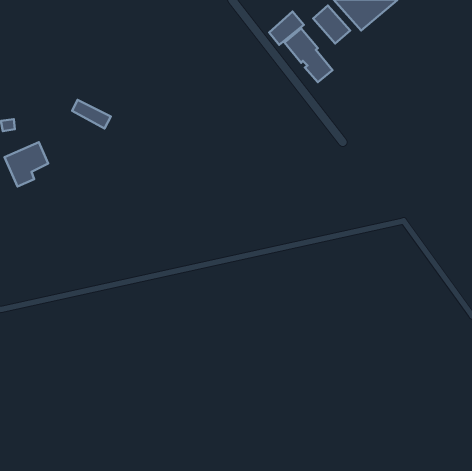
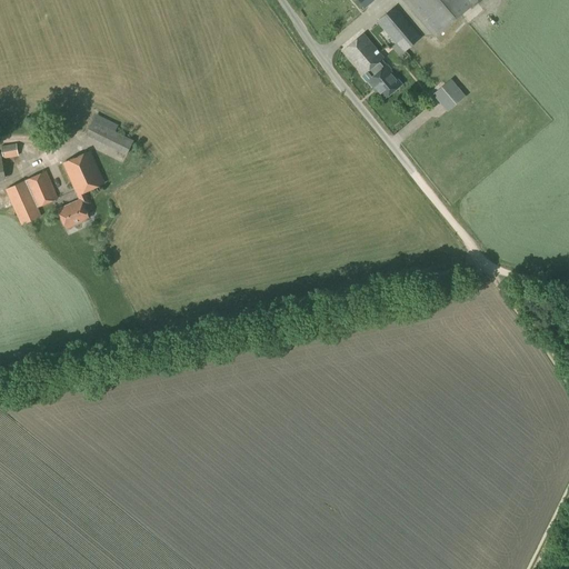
building: [269,11,304,45] -> none
building: none -> [432,79,466,111]
building: none -> [56,151,104,230]

